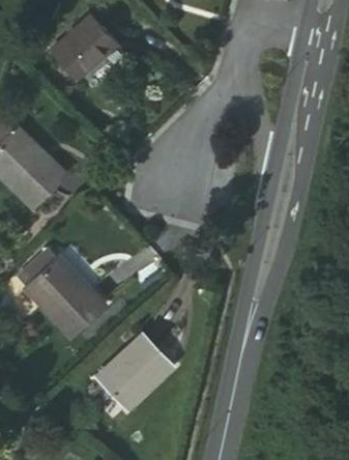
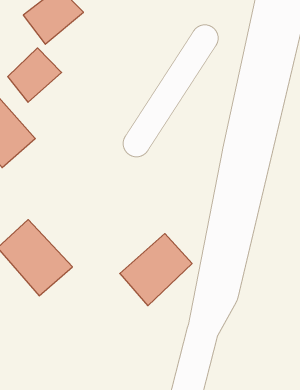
building: none -> [8,48,62,102]
building: [91,339,166,413] -> [120,234,192,306]

